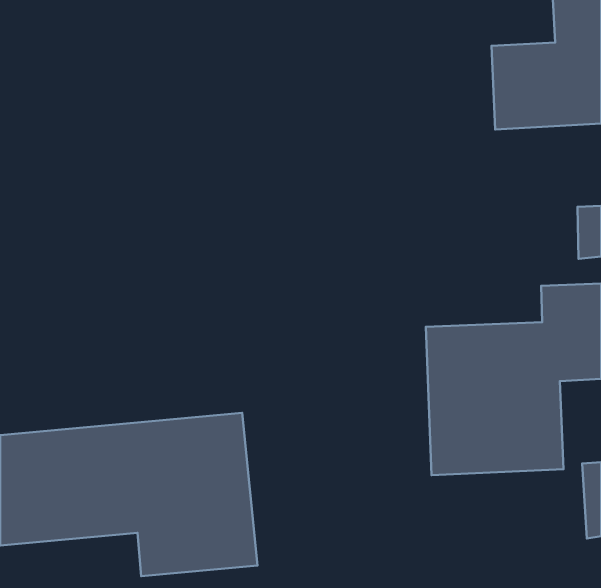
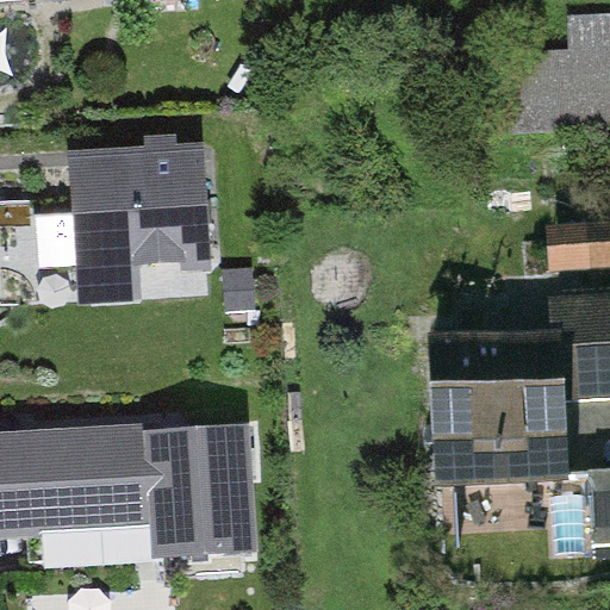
building: none -> [56,155,216,287]

